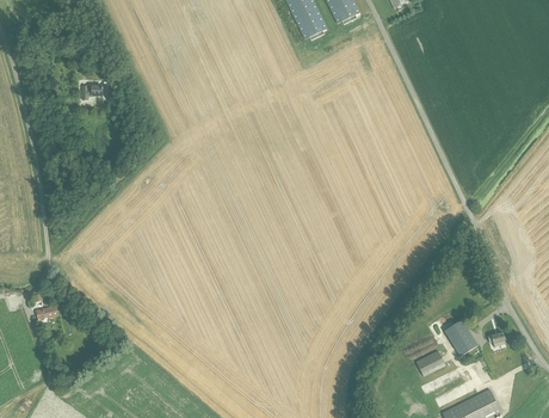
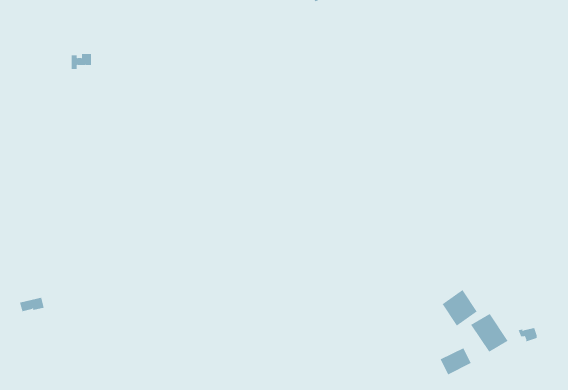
building: none -> [442,289,478,327]

